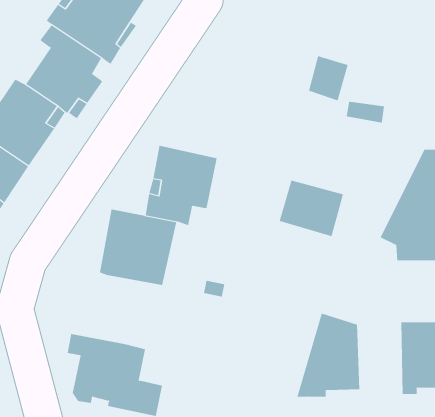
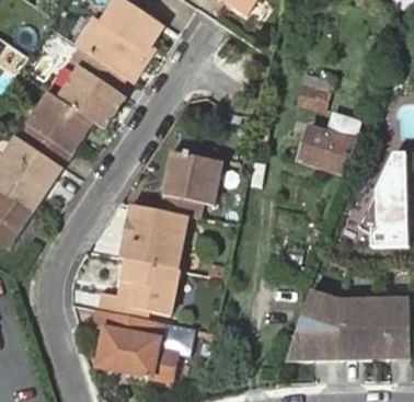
building: [279,180,344,237] -> [299,126,354,174]
building: none -> [97,259,179,317]
building: none -> [340,298,377,359]

